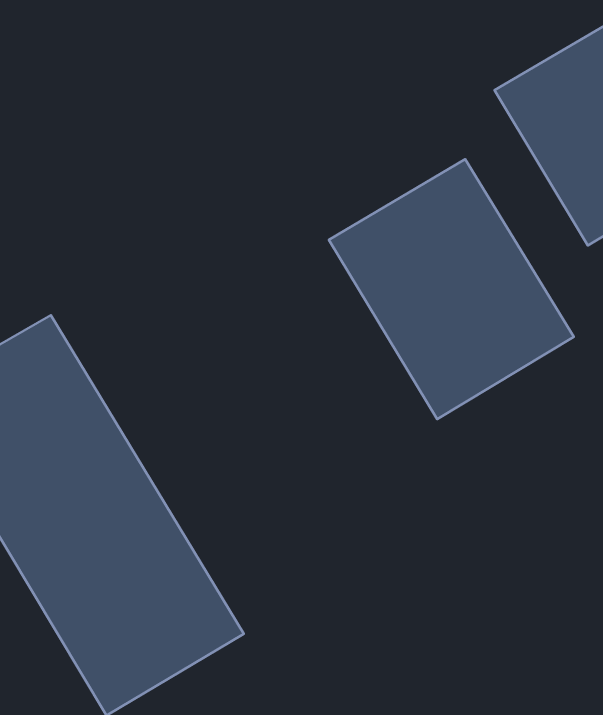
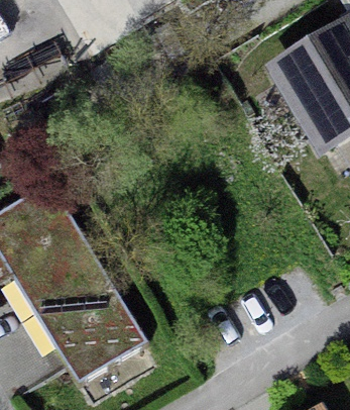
building: [329,159,574,419] -> none

